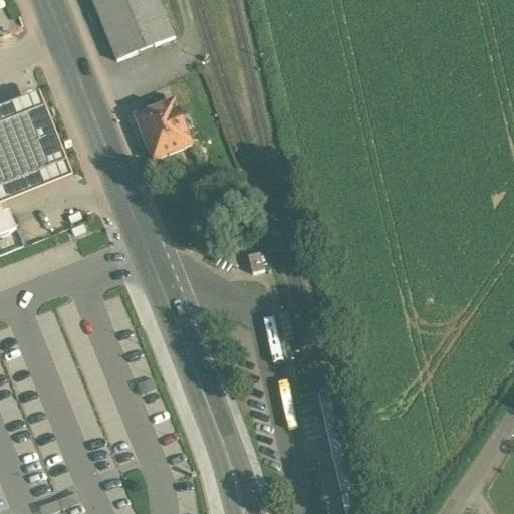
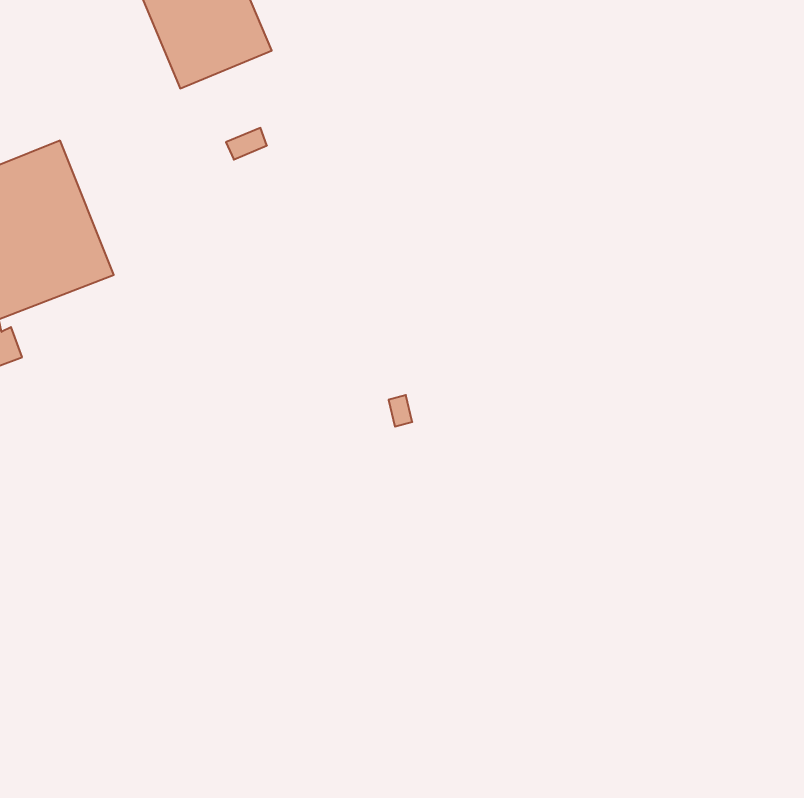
building: [135,97,190,157] -> none

